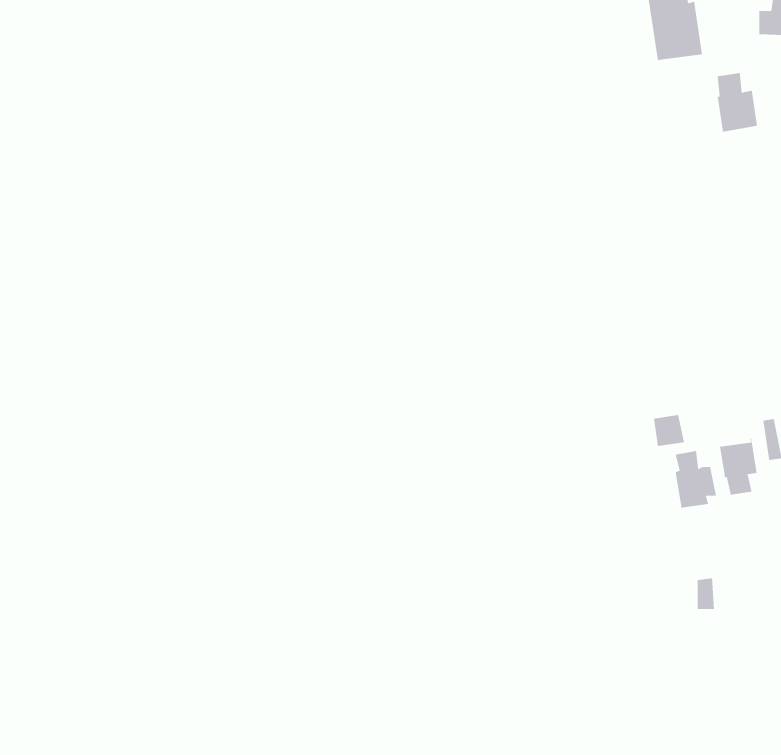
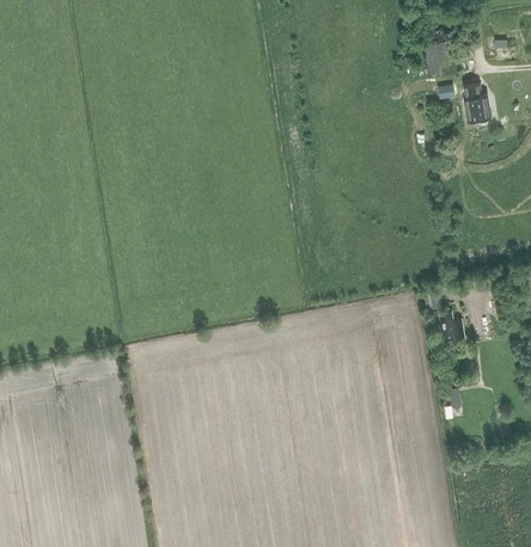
building: [719,438,757,496] -> none

